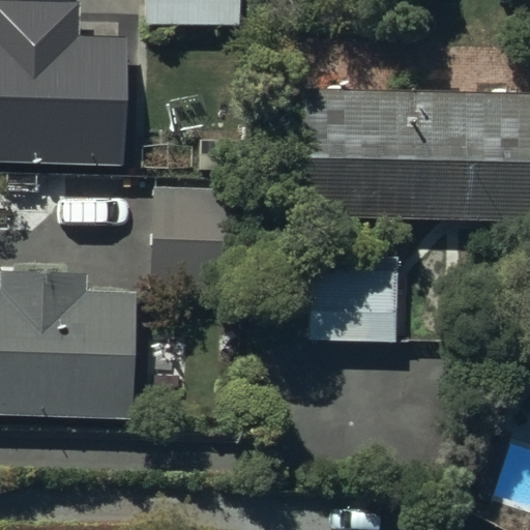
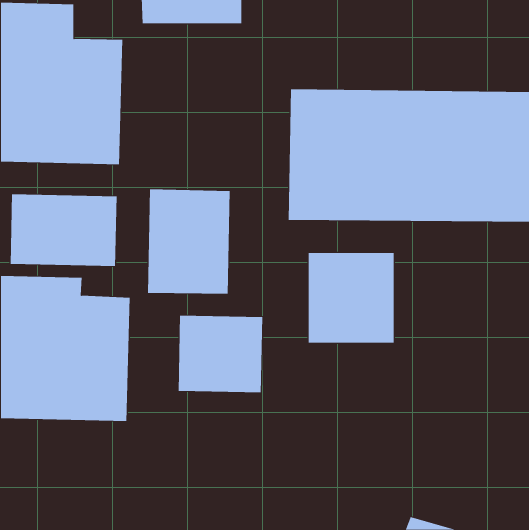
building: none -> [10,194,117,267]
building: none -> [178,315,263,393]

